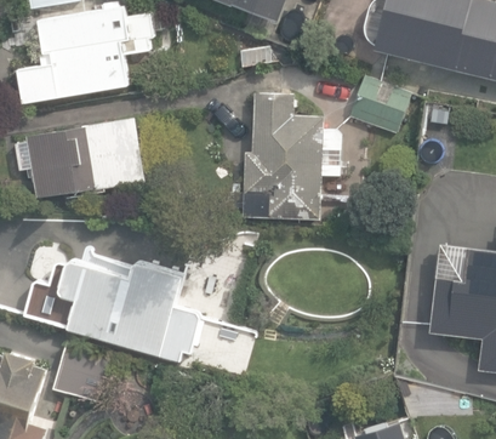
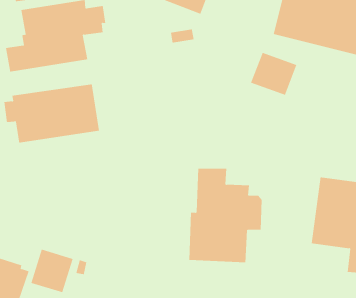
building: [240,91,340,218] -> [188,168,262,263]
building: [57,258,206,355] -> none

